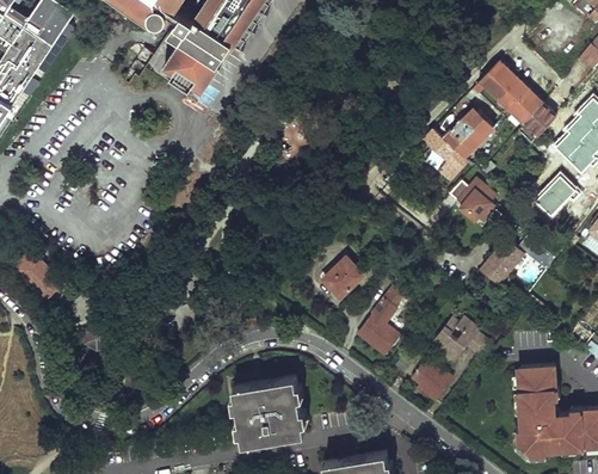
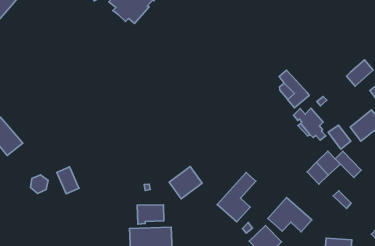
building: [469,61,540,122] -> none
building: [445,112,492,159] -> none
building: none -> [328,125,351,149]
building: [319,253,366,301] -> [169,167,202,199]
building: none -> [57,167,79,194]
building: none -> [137,205,164,224]

